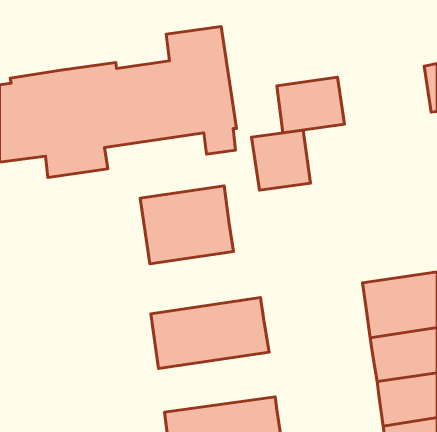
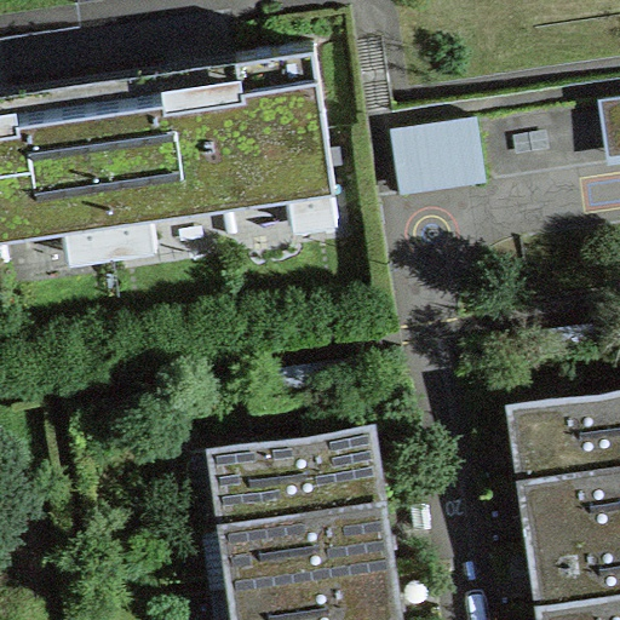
building: [252,130,310,190] -> none
building: [140,186,233,264] -> none
building: none -> [224,506,389,591]

